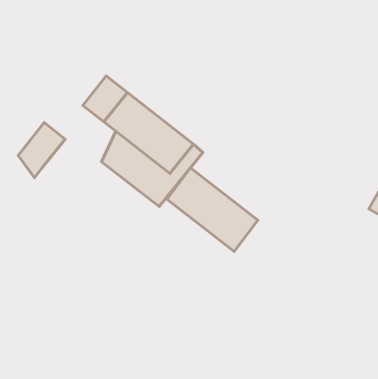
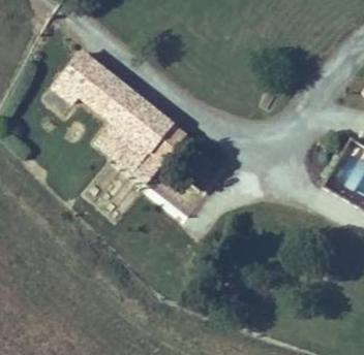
building: [18,123,65,178] -> [56,53,97,101]
building: [167,168,258,251] -> none

